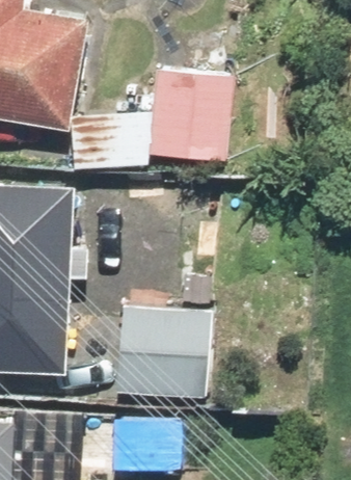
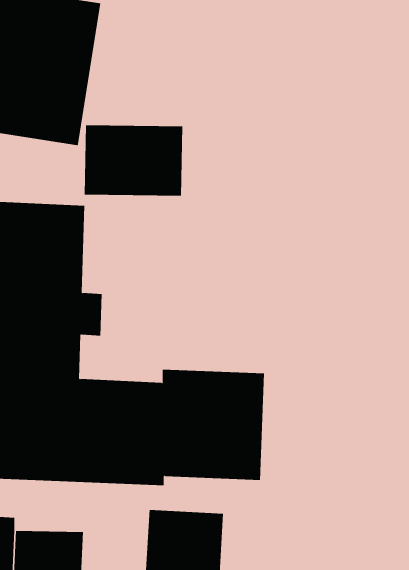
building: [152,69,234,158] -> none

